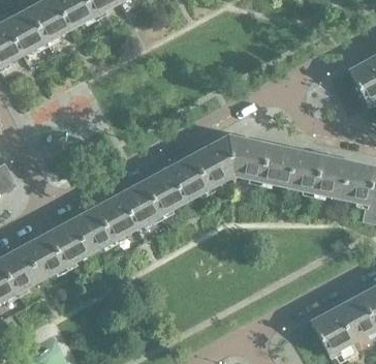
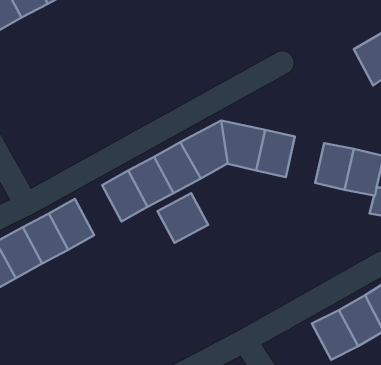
building: [287,149,322,191] -> none
building: [95,193,137,239] -> none
building: none -> [157,193,208,243]

